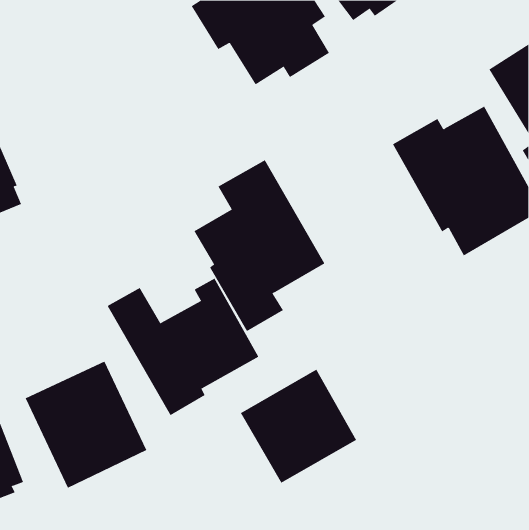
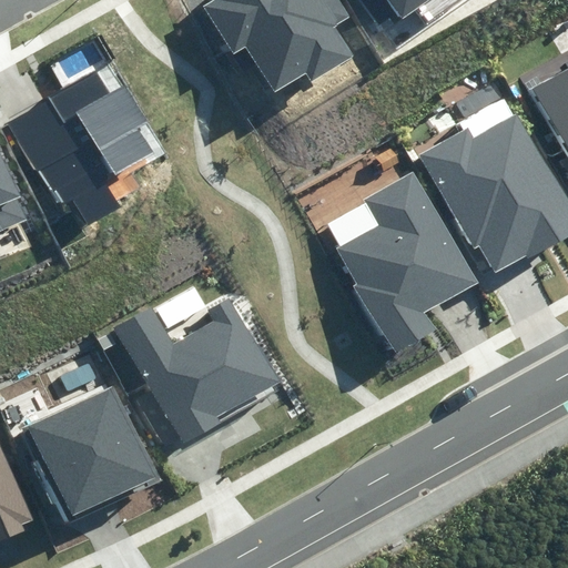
building: none -> [7,72,153,224]
building: [194,160,325,332] -> [337,170,478,354]
building: [240,369,357,483] -> none

